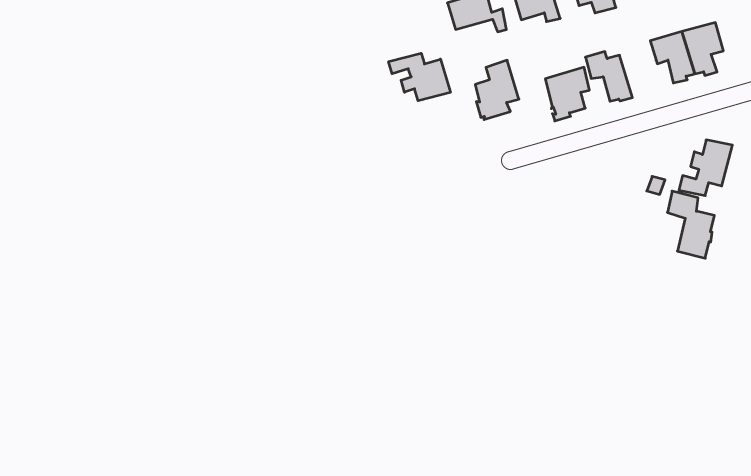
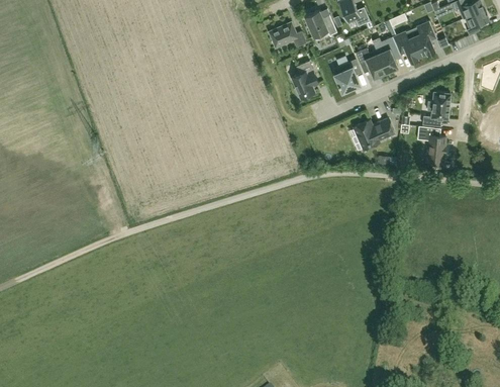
building: none -> [375,36,397,73]
building: [389,53,450,101] -> none
building: none -> [353,118,393,149]

